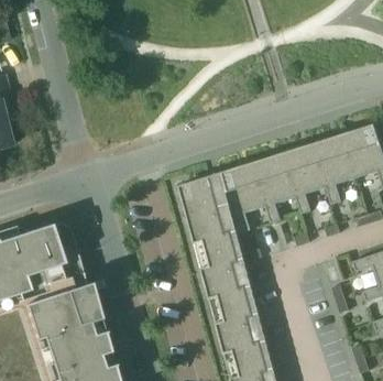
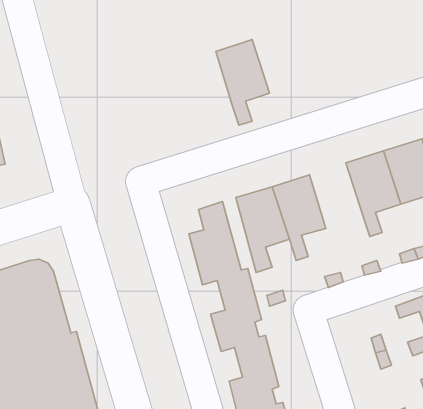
building: [283,144,327,215] -> [216,40,270,125]

